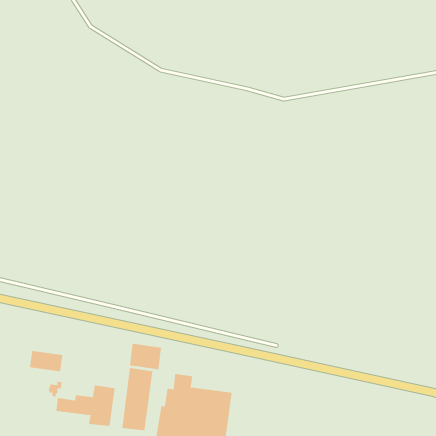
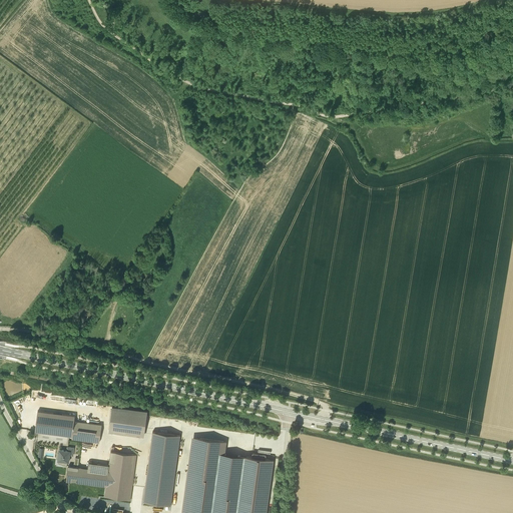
building: [129,343,162,370] -> [108,407,146,438]
building: none -> [71,422,101,443]

